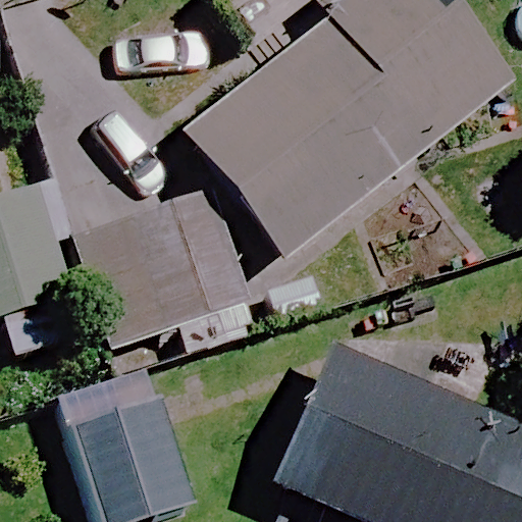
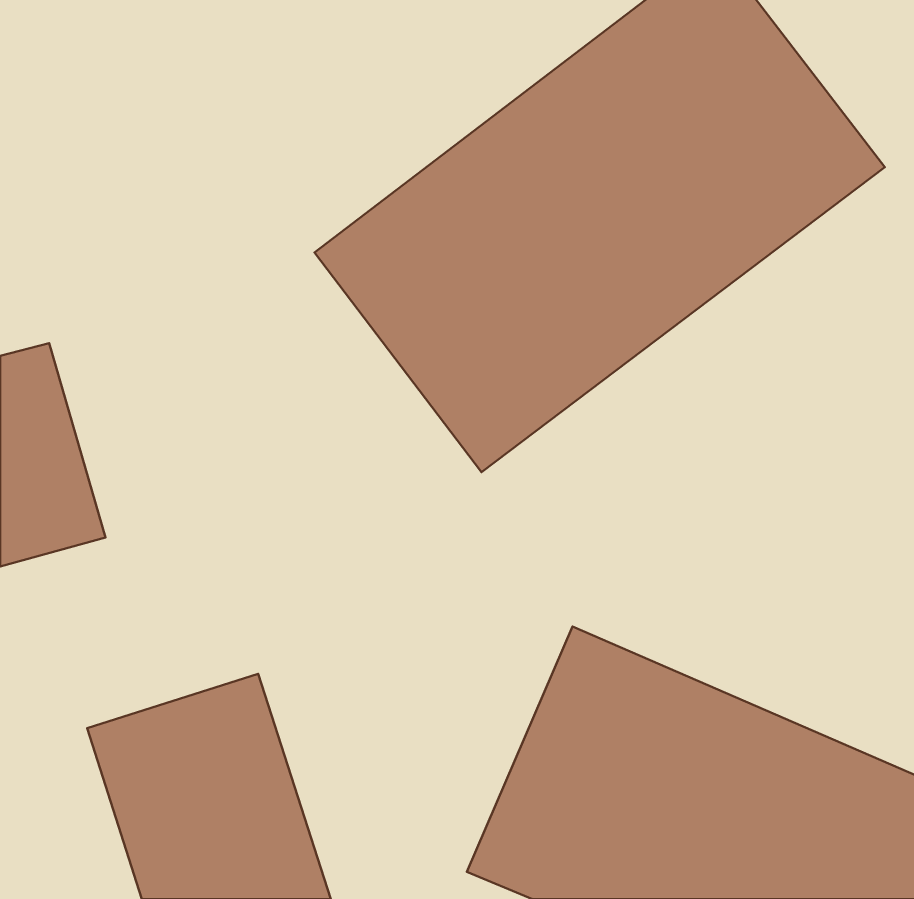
building: [74,203,234,348] -> none

